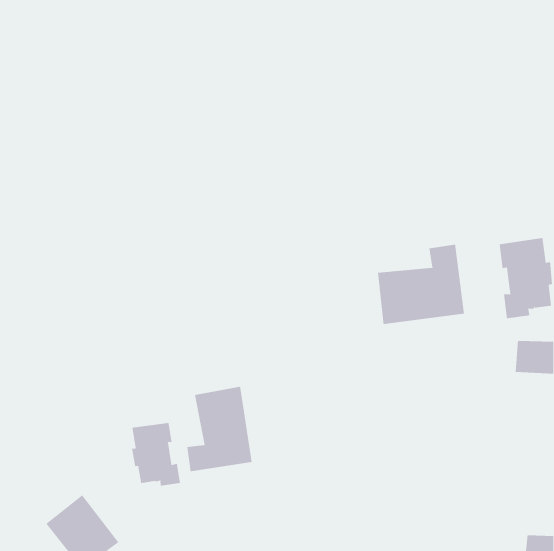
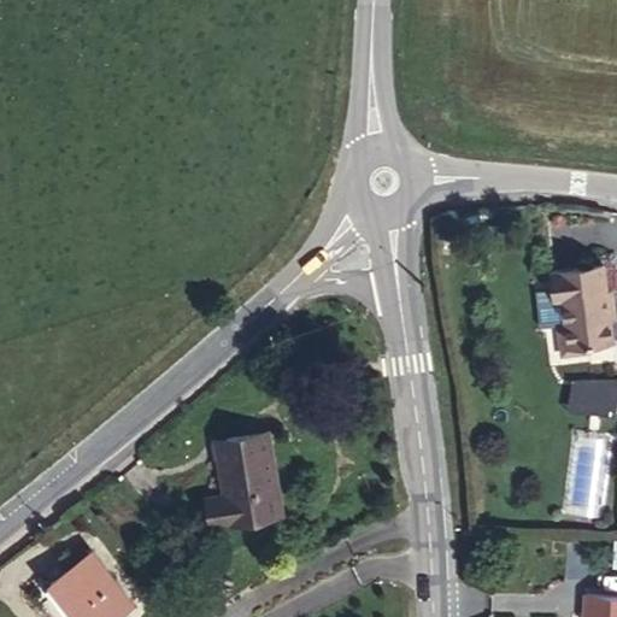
building: [378,244,465,325] -> none
building: [131,422,180,487] -> none

